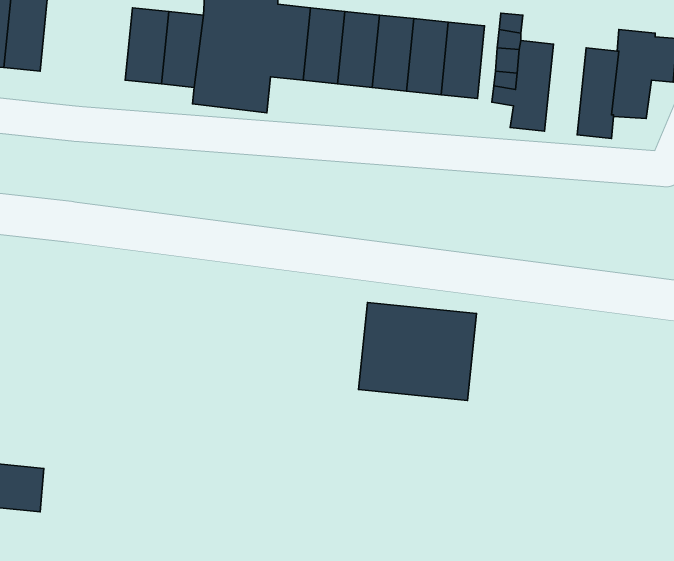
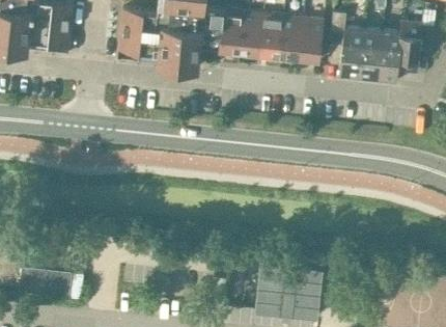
building: none -> [358,30,382,82]
building: [359,303,476,400] -> [255,262,323,318]

